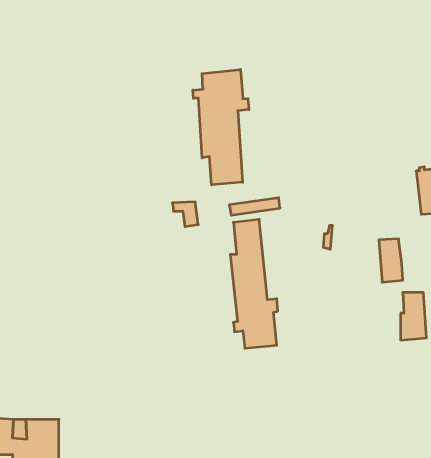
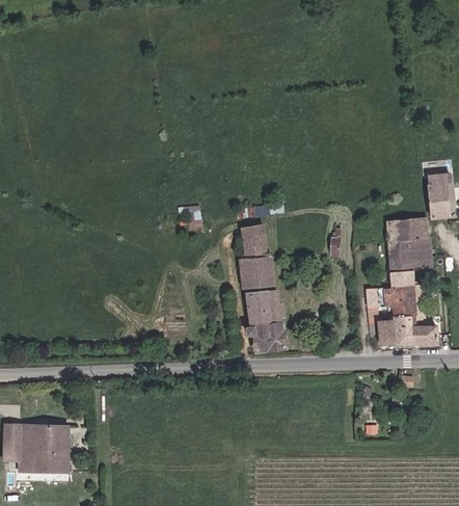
building: [193,69,249,185] -> none
building: none -> [387,218,430,268]
building: none -> [368,285,413,346]

